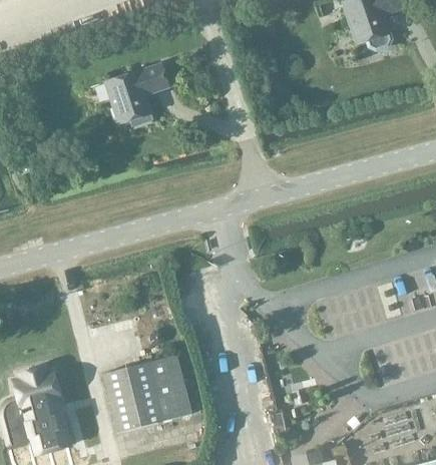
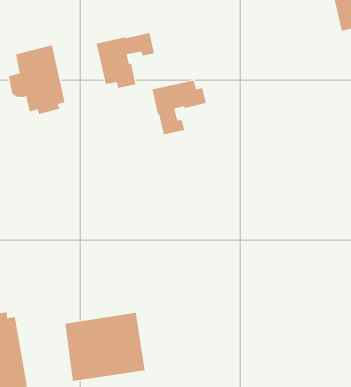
building: none -> [8,45,65,115]
building: none -> [152,80,207,135]

